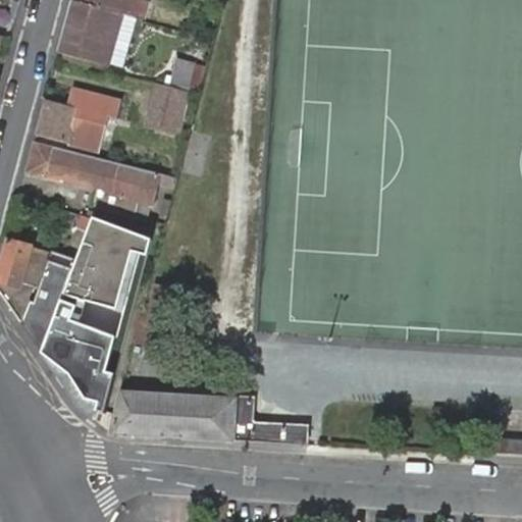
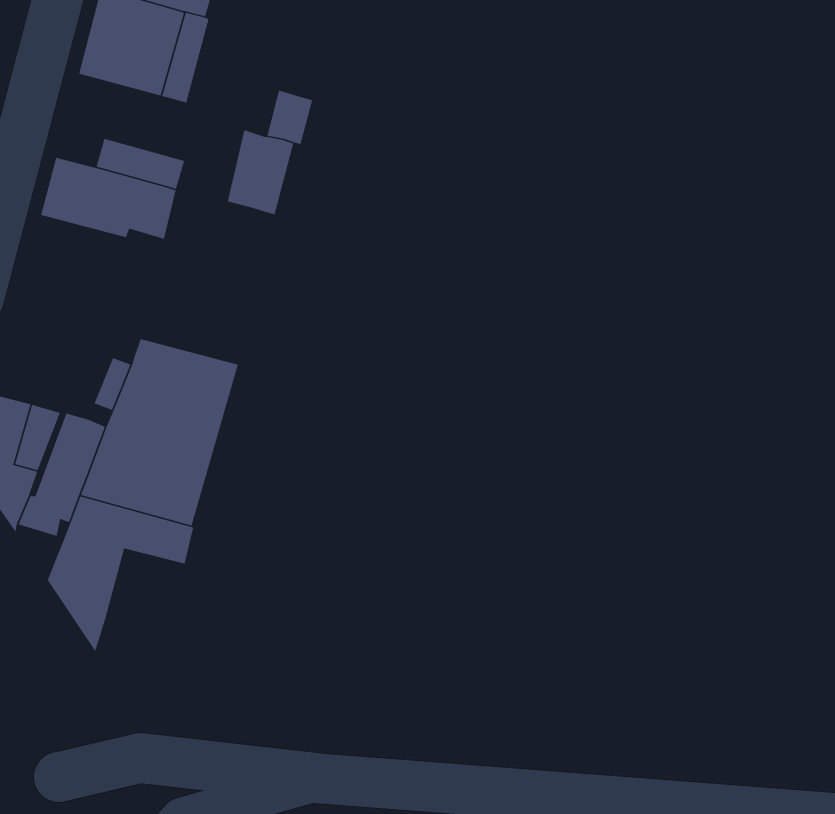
building: [23,142,161,207] -> none
building: [67,331,120,414] -> none
building: [109,392,305,445] -> none

